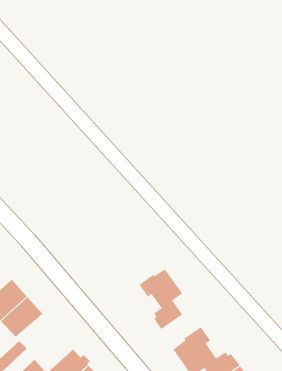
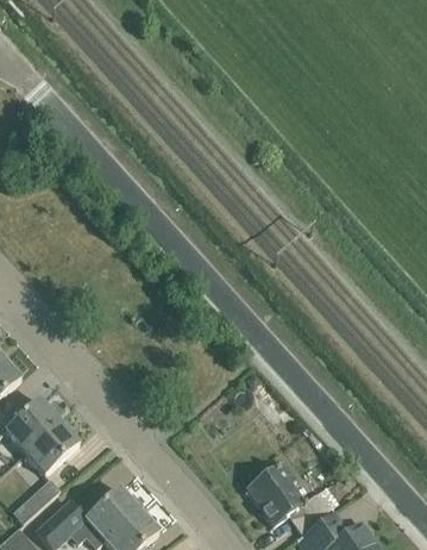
building: [139,269,183,330] -> none

